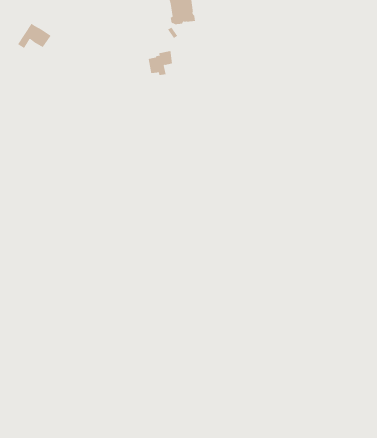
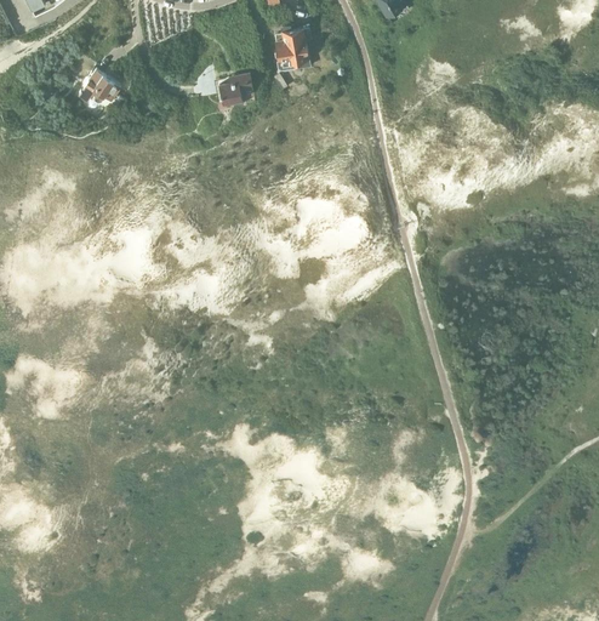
building: [148,51,173,75] -> [219,73,252,106]

